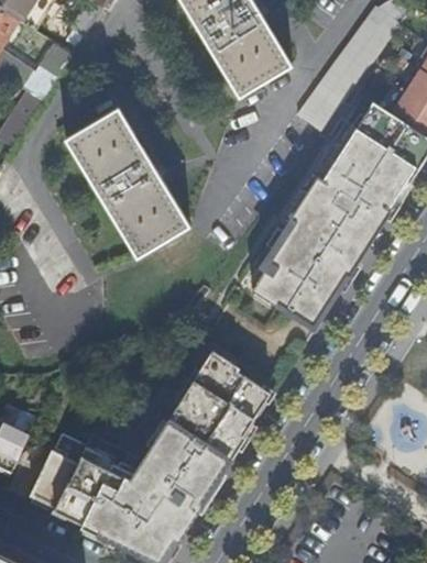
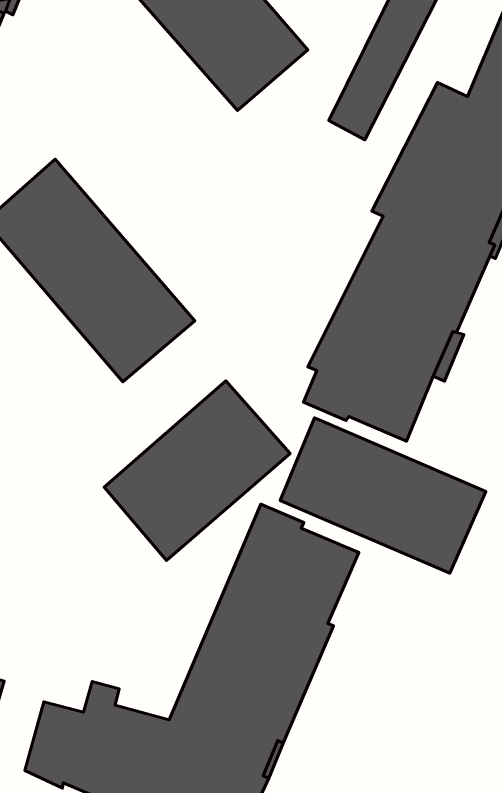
building: none -> [104,381,290,561]
building: none -> [280,418,486,573]

